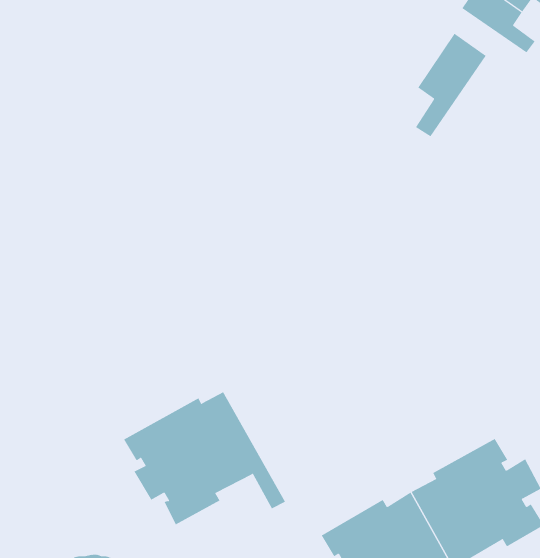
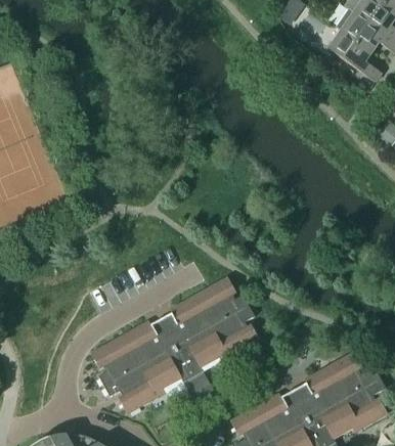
building: [415,33,487,137] -> none
building: none -> [162,277,260,397]

